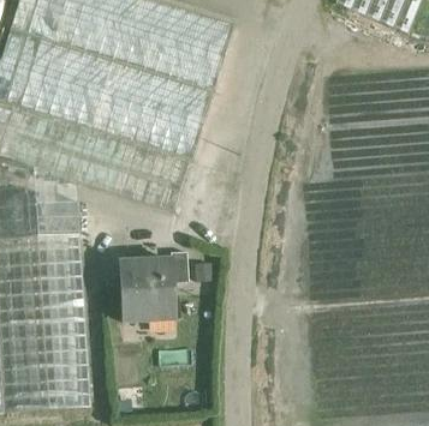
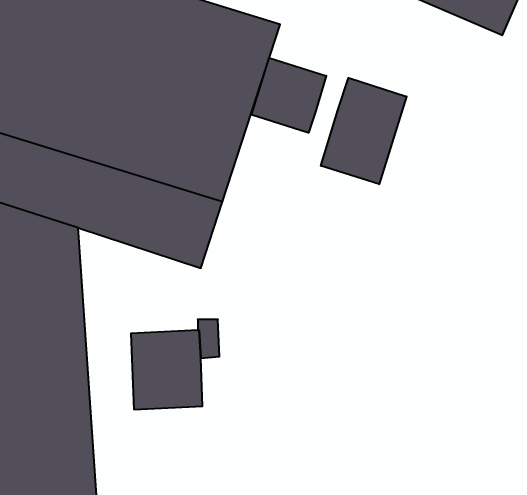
building: none -> [252,58,326,133]
building: none -> [321,78,407,184]

